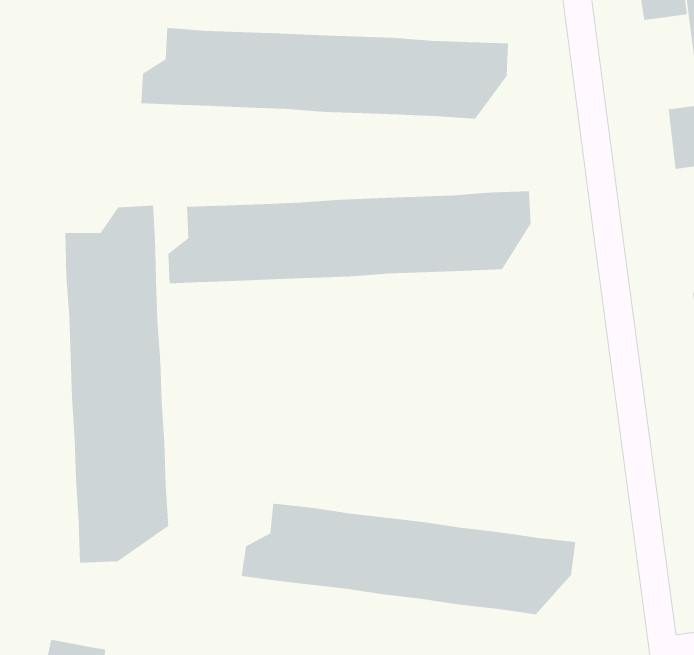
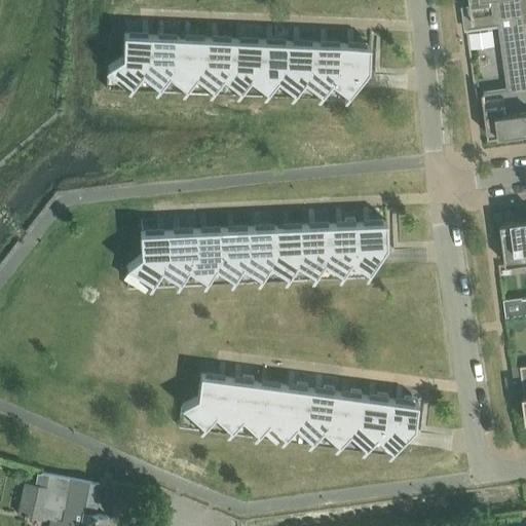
building: [168,191,531,284] -> [128,221,389,288]
building: [65,205,169,564] -> none

